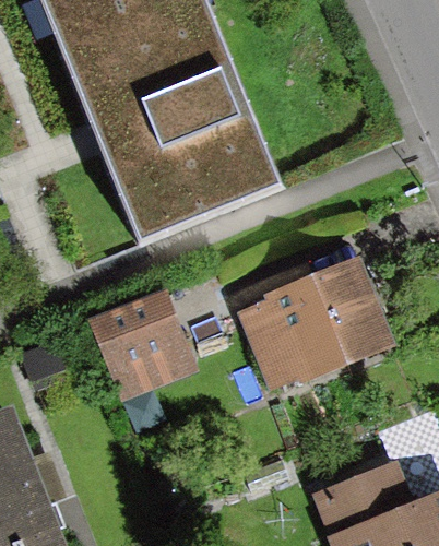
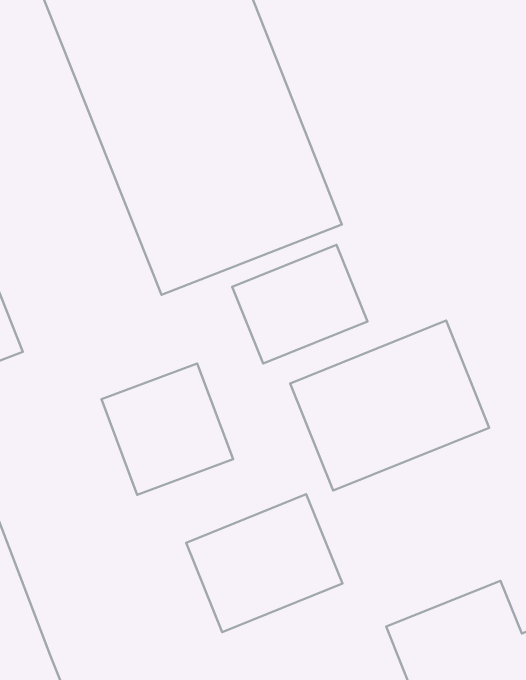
building: none -> [232,245,367,364]
building: none -> [186,494,342,632]

